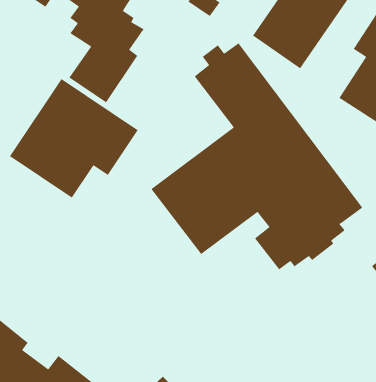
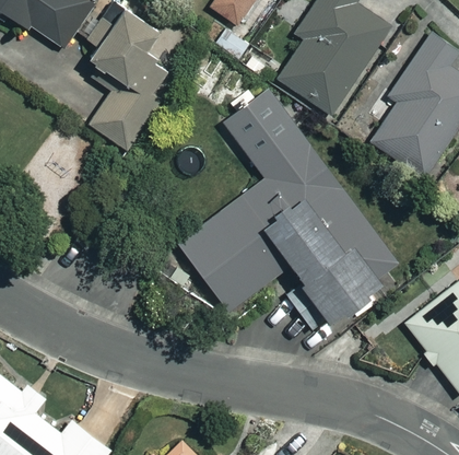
building: [9,78,139,199] -> none

